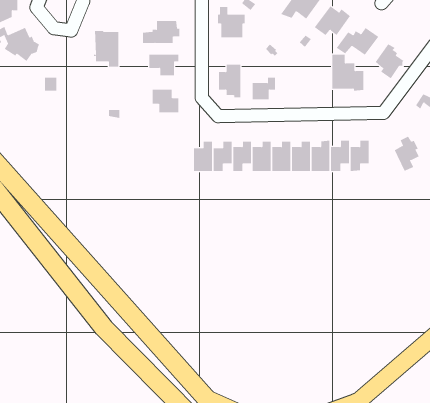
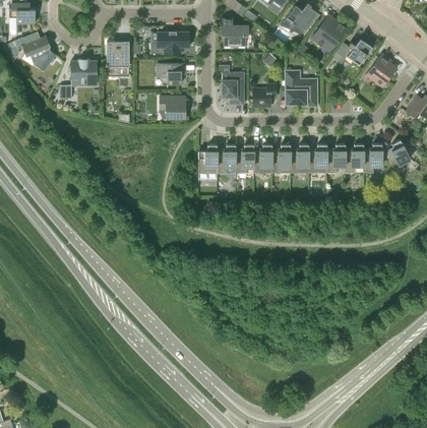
building: none -> [68,58,97,85]
building: [331,54,364,91] -> [286,71,316,106]
building: none -> [363,143,395,173]

